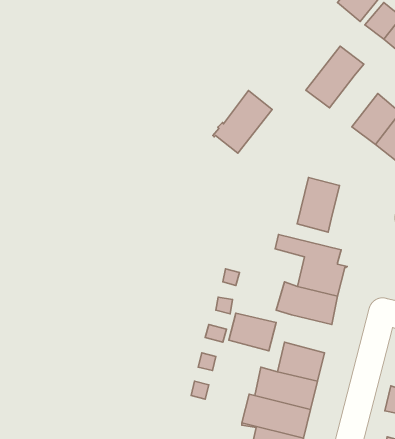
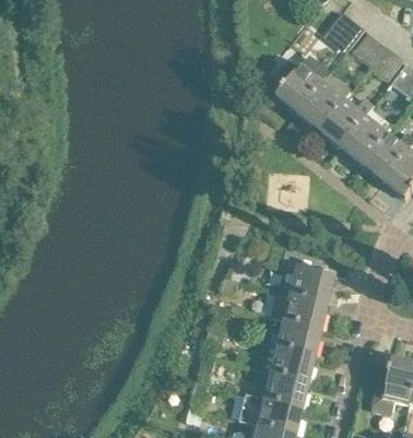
building: none -> [319,98,364,145]
building: [213,91,272,153] -> [274,54,329,111]
building: [297,177,340,232] -> none
building: [229,313,276,351] -> [278,319,321,354]

